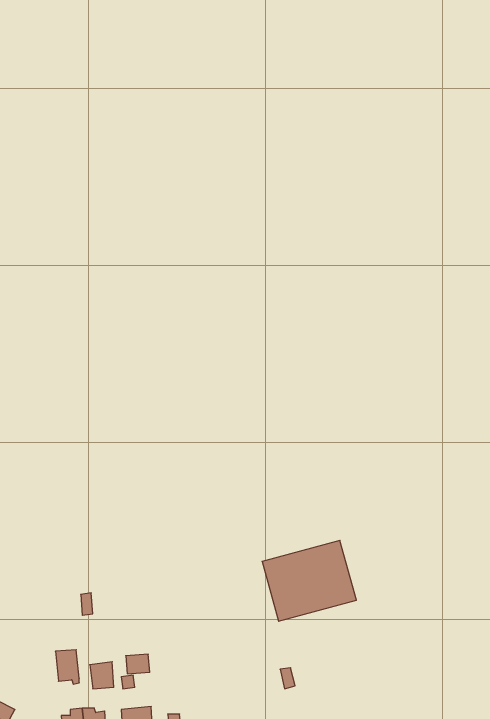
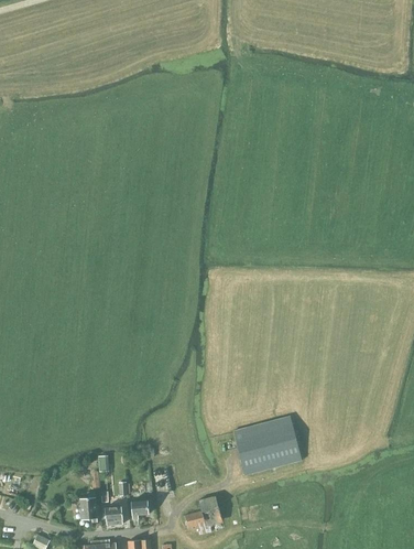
building: none -> [184,495,222,534]

